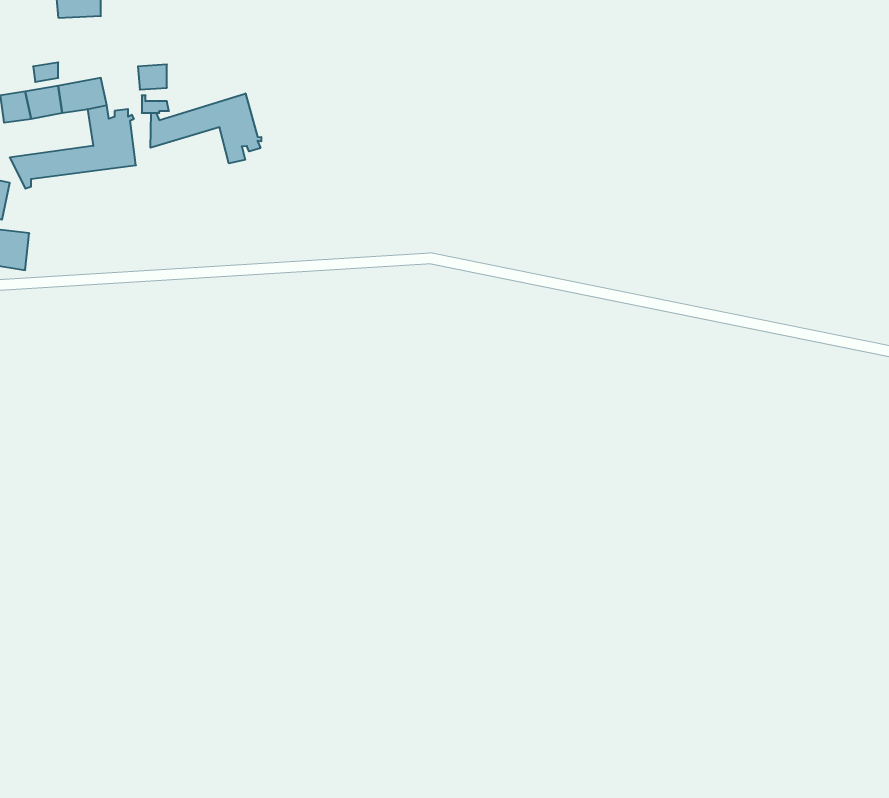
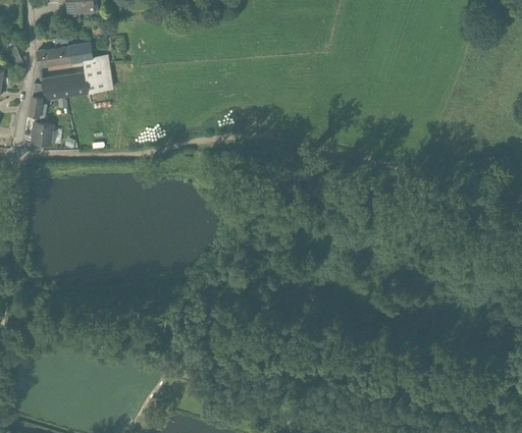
building: [151,93,261,163] -> none

